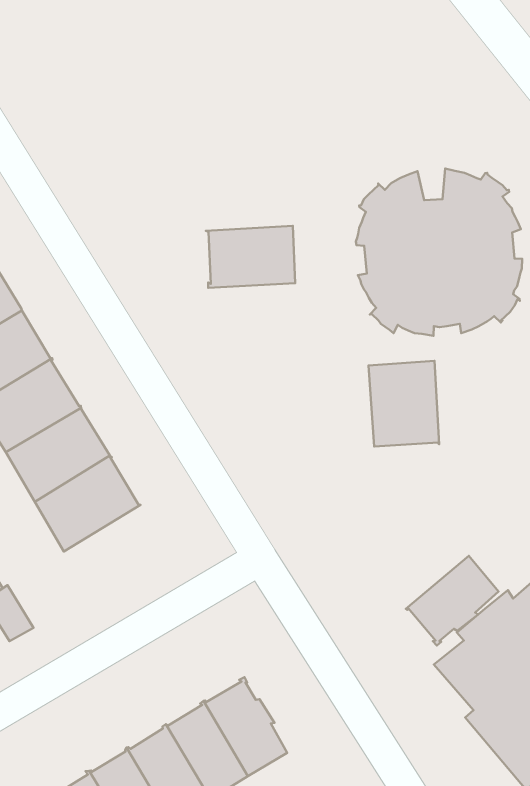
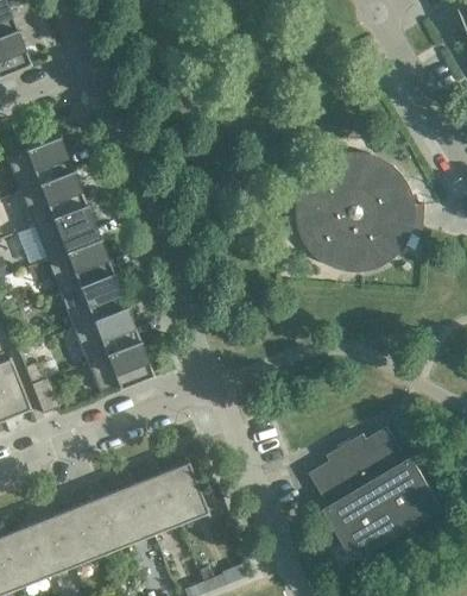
building: [206,226,295,288] -> none
building: [369,361,439,446] -> none
building: none -> [87,340,153,391]
building: [406,556,498,645] -> none

